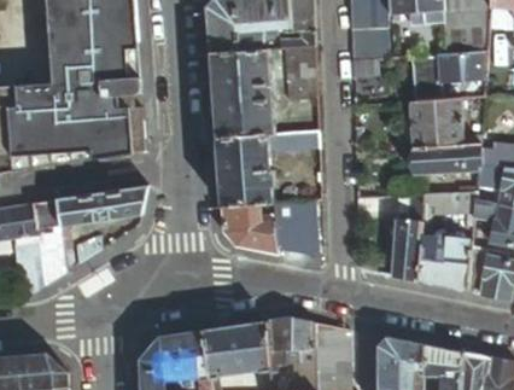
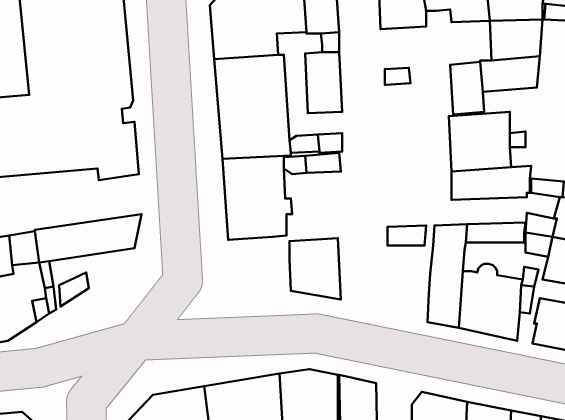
building: [350,25,391,58] -> none
building: [221,204,274,254] -> none

